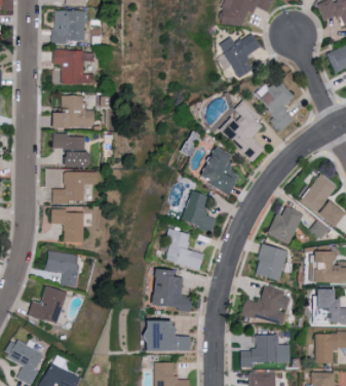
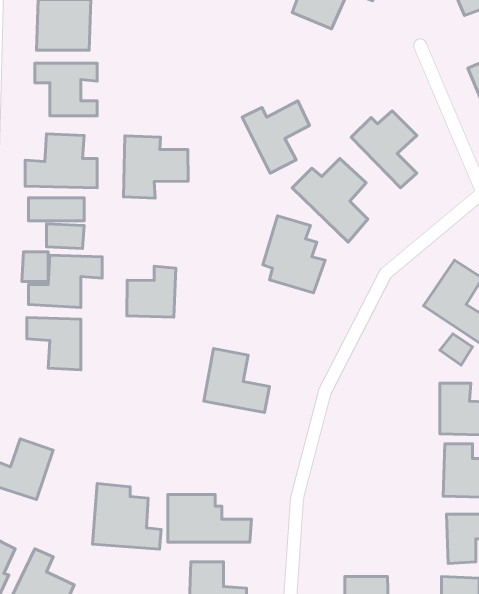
building: [218,32,260,77] -> [242,101,309,173]
building: none -> [123,136,188,198]
building: none -> [127,266,176,317]
building: [179,190,217,232] -> none
building: [266,205,303,243] -> none
building: [254,243,289,280] -> none
building: [44,250,85,287] -> none
building: [147,268,190,309] -> [92,484,161,549]
building: [241,286,292,324] -> none
building: [238,334,292,368] -> none

